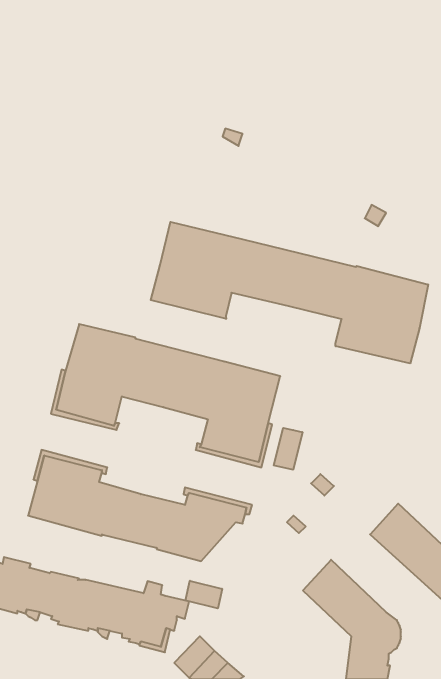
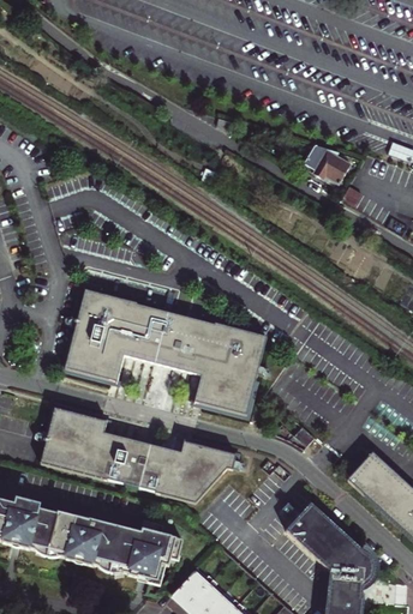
building: none -> [301,144,348,182]
building: [151,222,428,363] -> none
building: [274,428,302,470] -> none
building: [186,581,222,608] -> none

